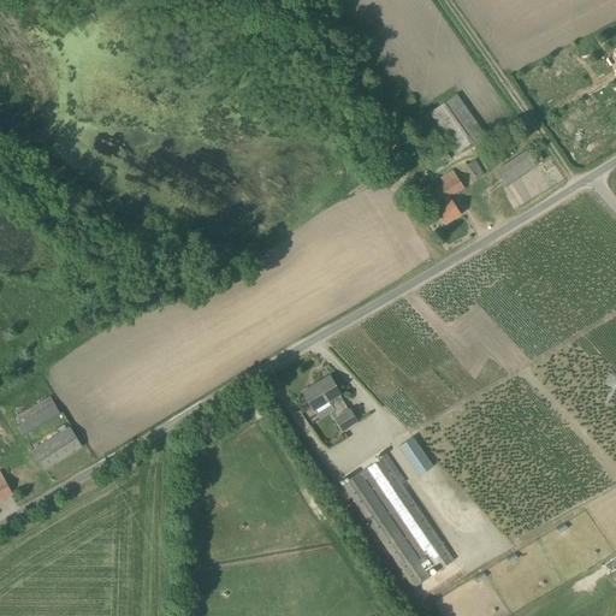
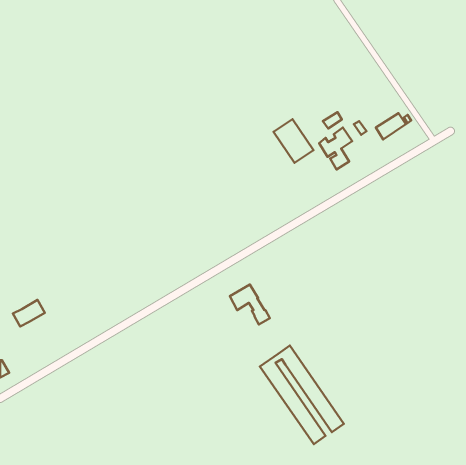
building: [430,93,482,150] -> [273,119,314,163]
building: [30,426,82,468] -> none
building: [398,439,432,478] -> none

